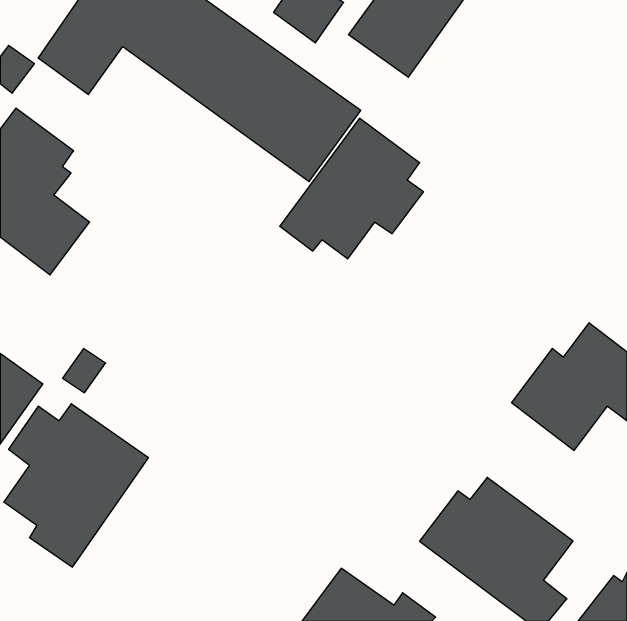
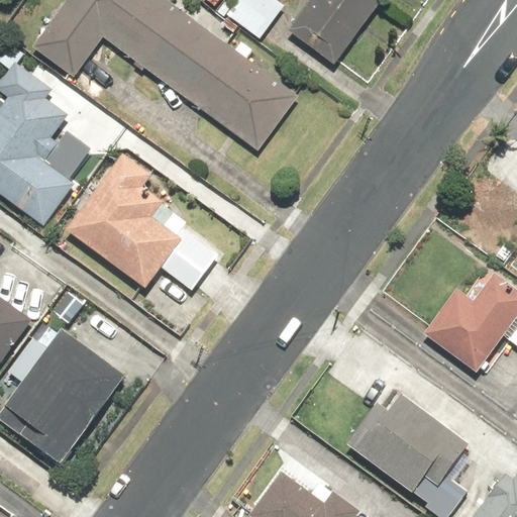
building: [280,118,423,259] -> none
building: none -> [64,150,219,292]

